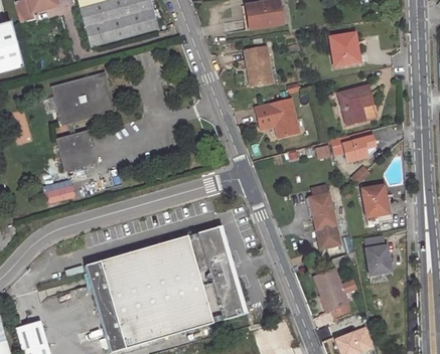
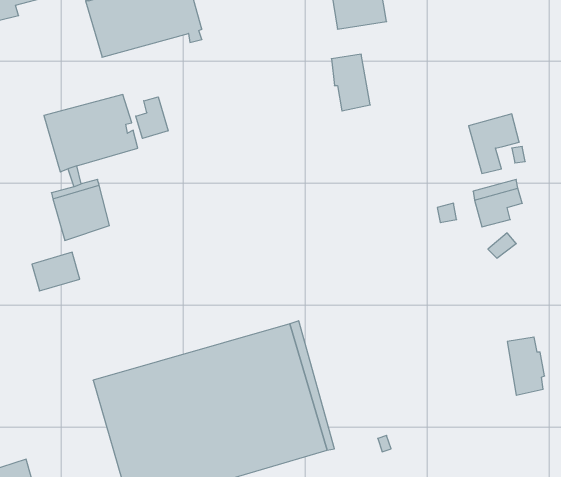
building: [331,33,357,67] -> none
building: none -> [136,97,168,138]
building: [256,101,294,138] -> none
building: [361,186,391,225] -> none
building: [311,194,340,248] -> none
building: [314,268,348,316] -> none

